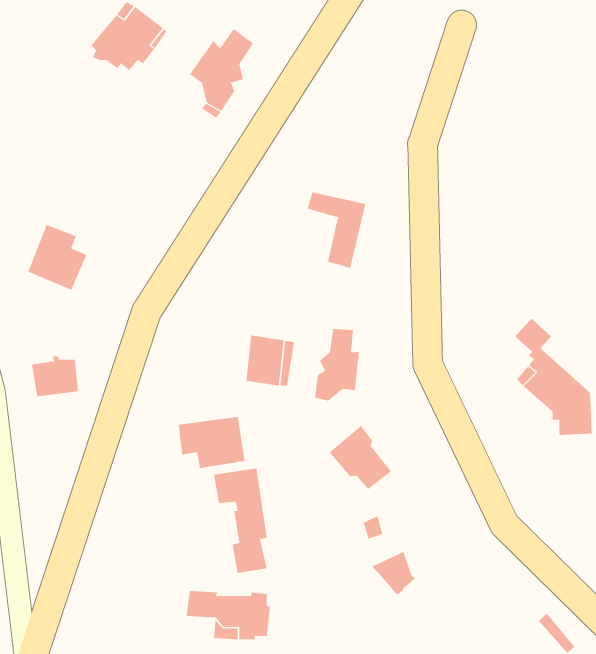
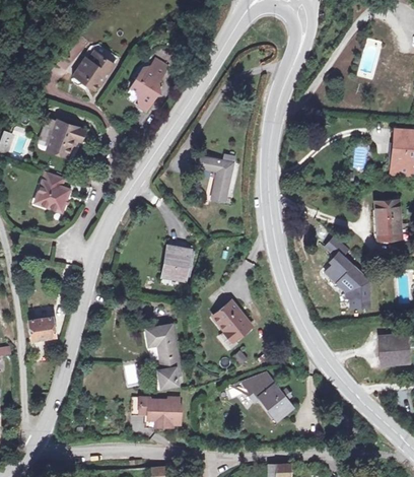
building: none -> [44,125,81,162]
building: [315,328,359,401] -> none
building: [31,356,79,397] -> [28,315,57,339]
building: [178,416,245,469] -> none
building: none -> [258,371,290,417]

